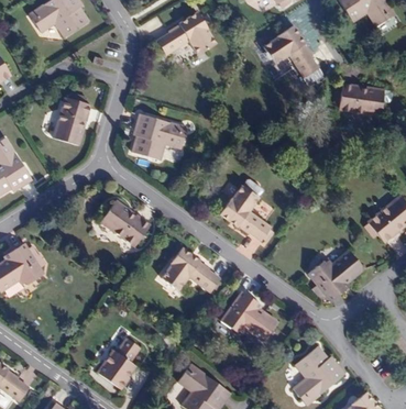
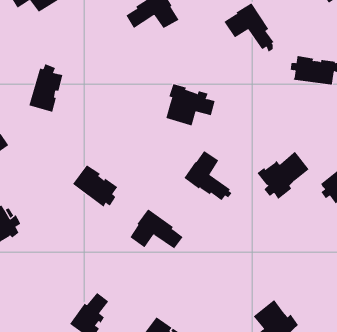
building: [131,113,185,159] -> [166,83,216,126]
building: [307,248,364,301] -> [256,151,309,200]
building: [221,290,277,342] -> none

